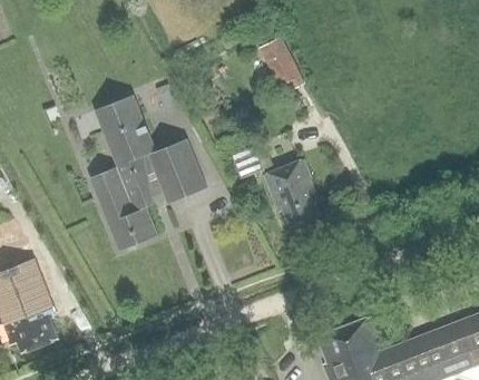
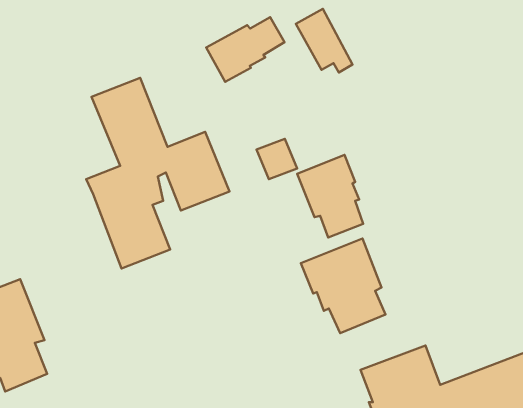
building: none -> [206,17,285,82]
building: none -> [301,239,385,333]

